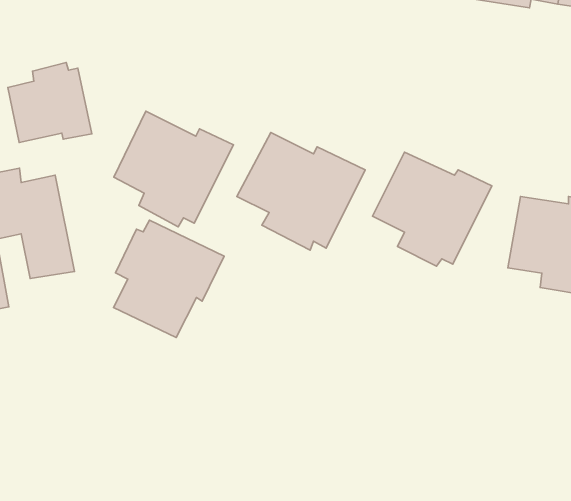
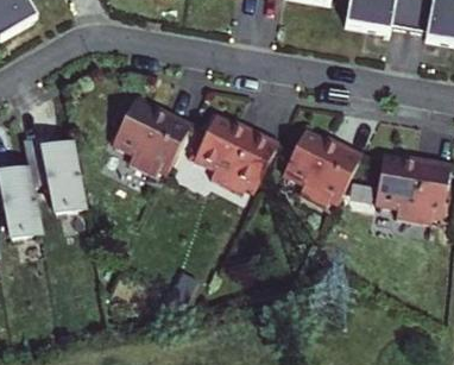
building: [8,62,92,142] -> none
building: [114,220,224,337] -> none

